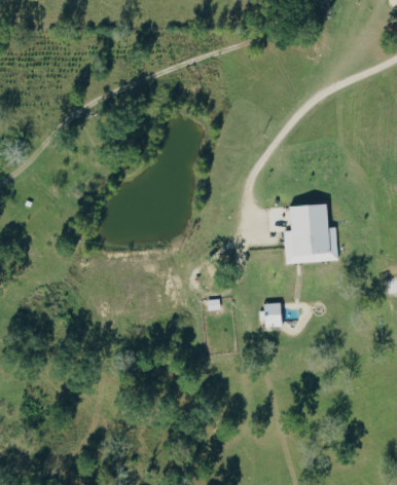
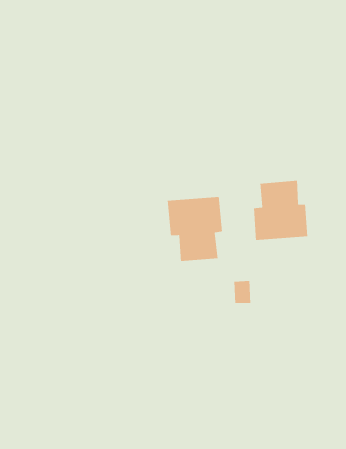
building: none -> [167,196,223,262]

